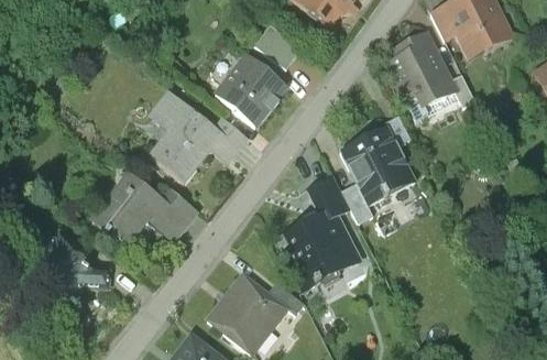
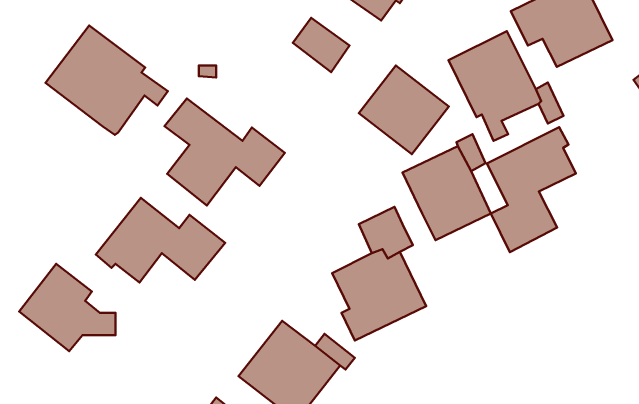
building: none -> [45,25,168,135]
building: [210,51,285,124] -> [359,66,449,154]
building: none -> [487,127,576,252]
building: [344,185,376,226] -> none

